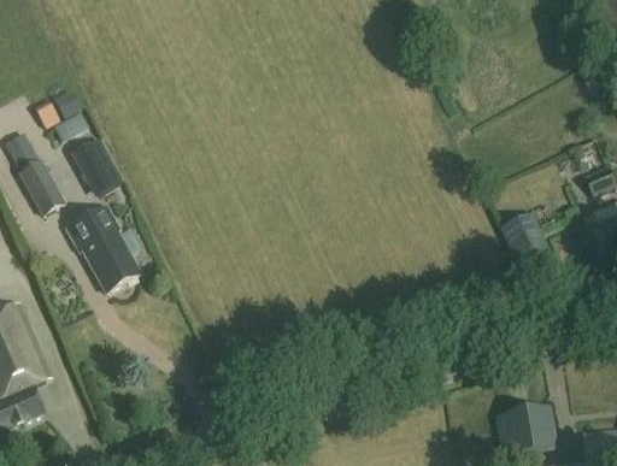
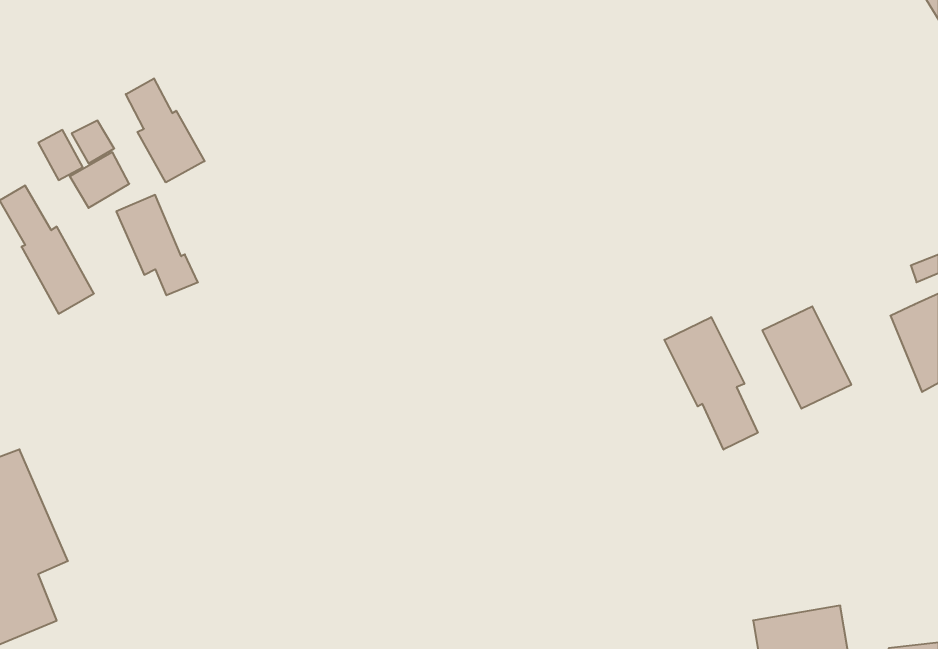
building: none -> [126,78,205,182]
building: [66,205,137,290] -> none
building: none -> [664,317,758,450]

